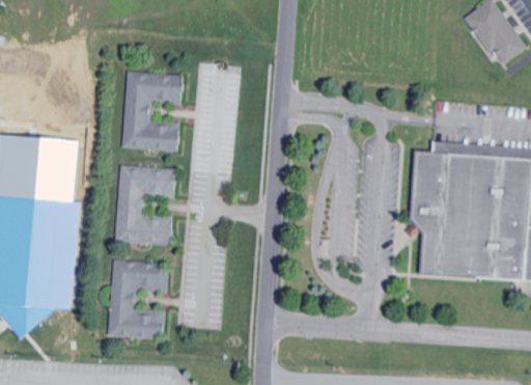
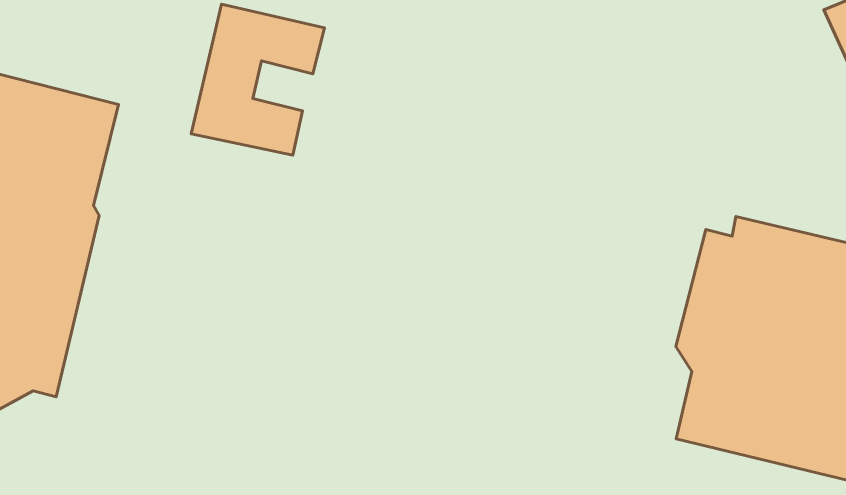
building: [114,167,176,245] -> none
building: [107,262,167,339] -> none

